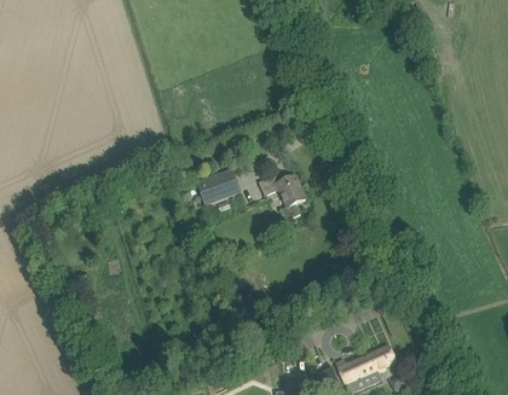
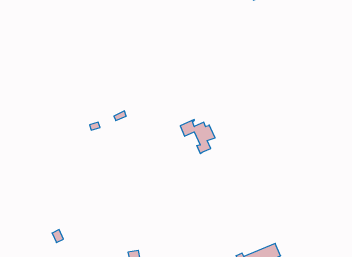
building: [197,168,239,203] -> none

